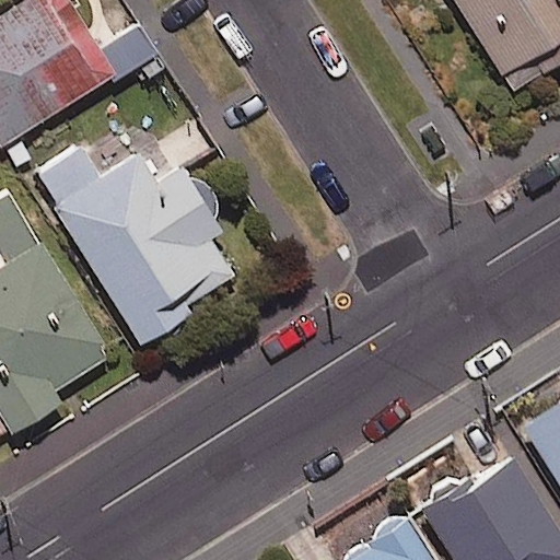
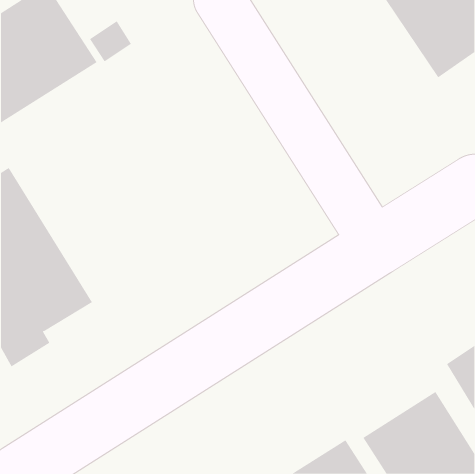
building: [33,145,234,345] -> none

